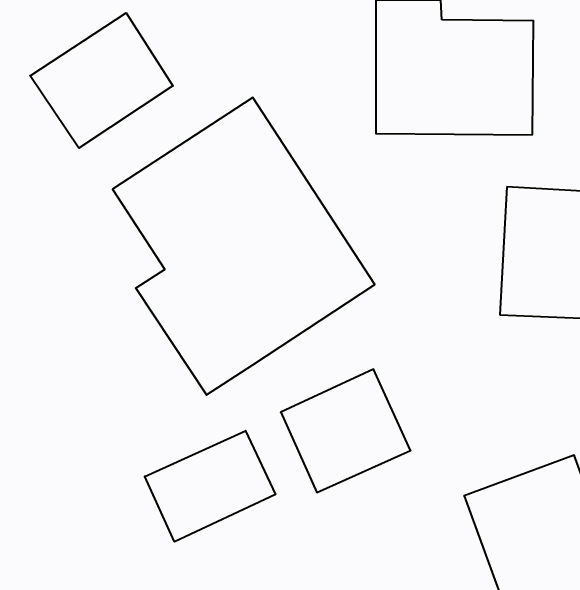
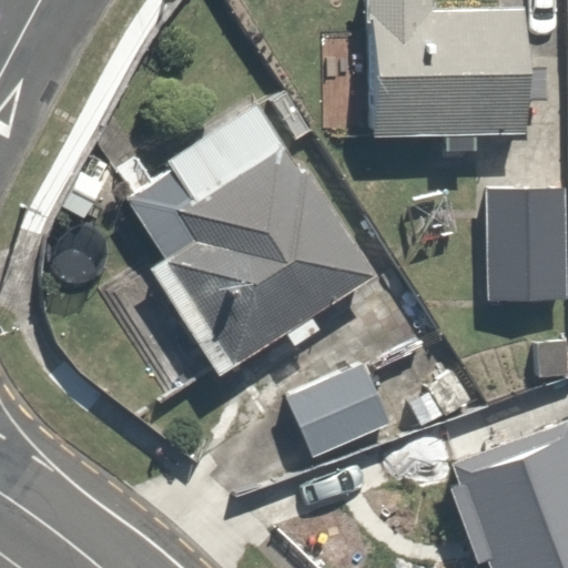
building: [30,13,173,148] -> none
building: [145,431,275,542] -> none

